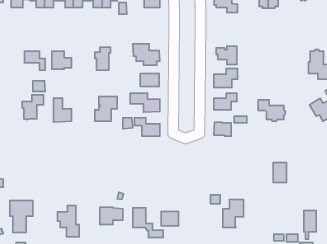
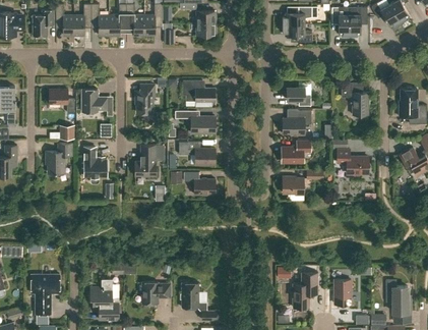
building: none -> [341,82,368,114]
building: [273,163,286,182] -> [334,279,351,304]
building: [161,211,179,226] -> none

